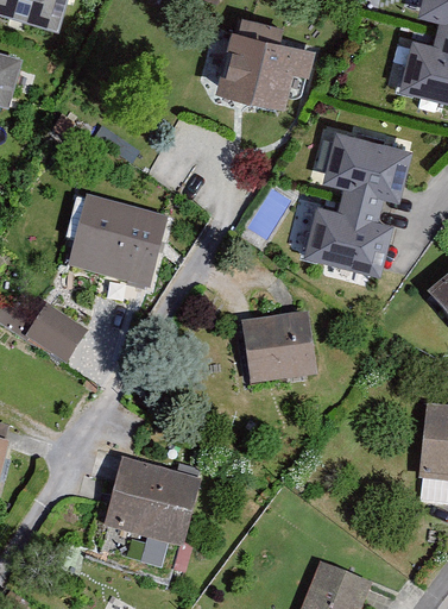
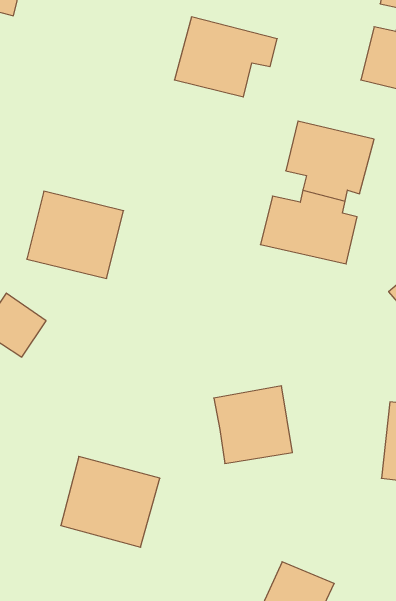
building: [239,307,316,383] -> [214,386,292,463]

